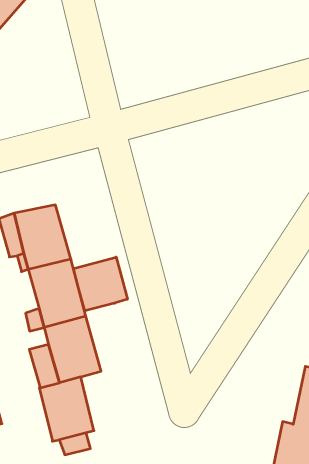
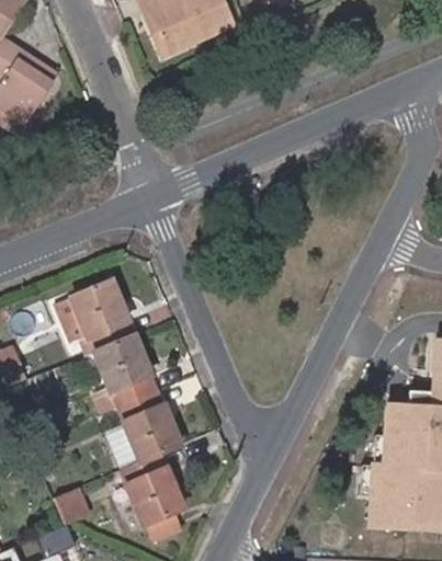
building: [73,257,127,311] -> none

